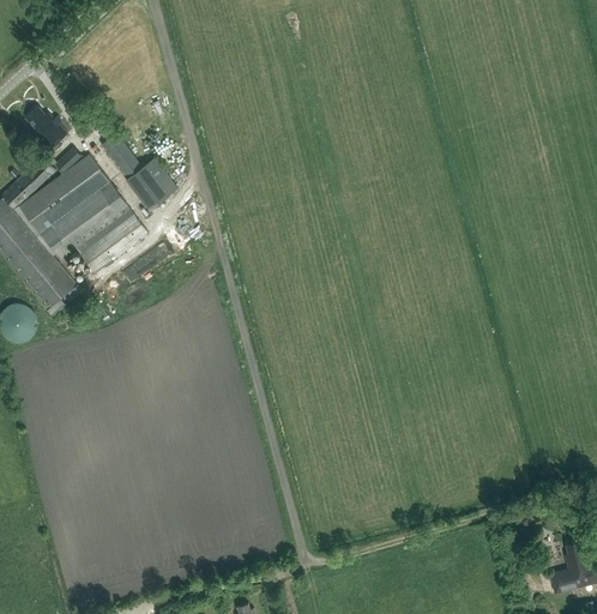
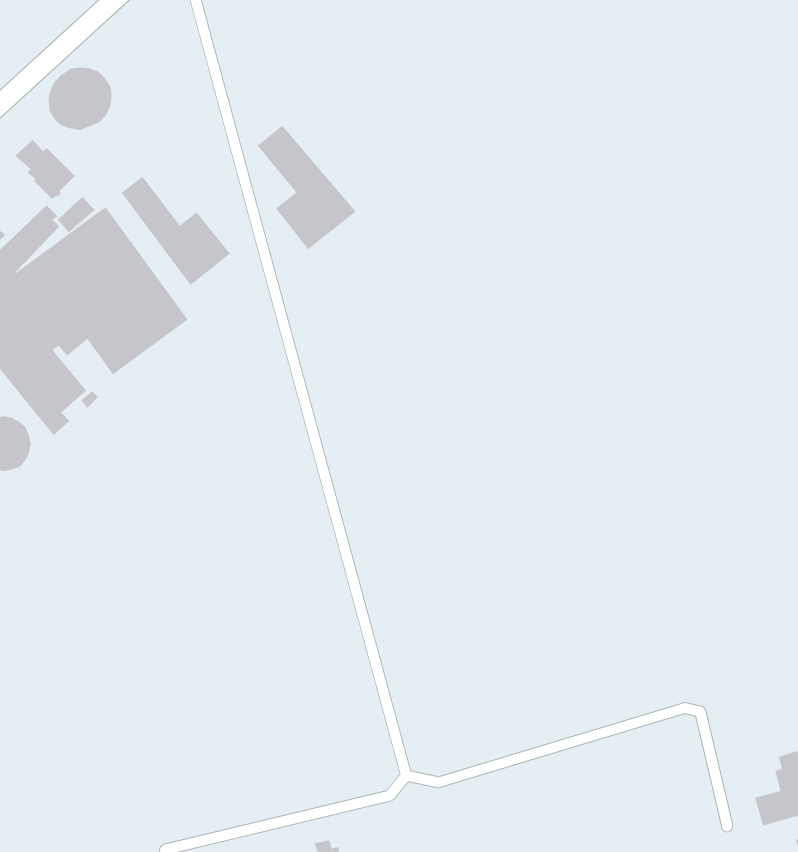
building: none -> [48,67,112,131]
building: none -> [257,125,356,250]

